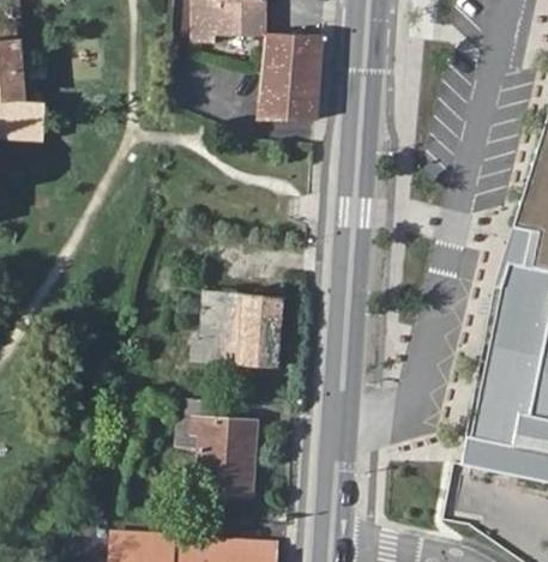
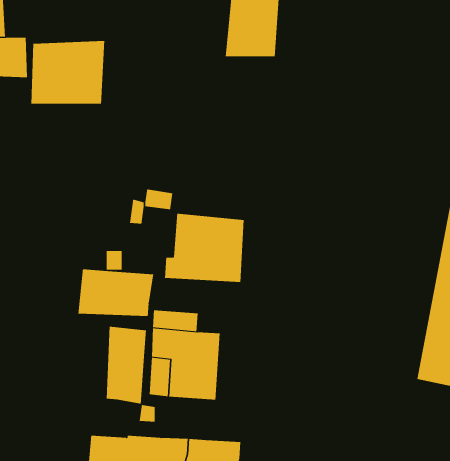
building: none -> [31,40,105,105]
building: none -> [78,269,154,317]
building: none -> [106,326,146,405]

